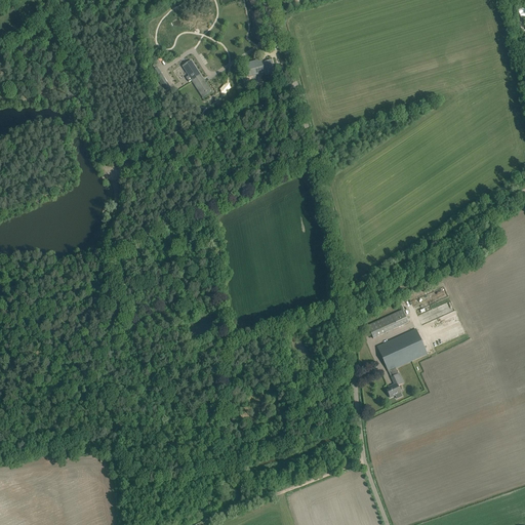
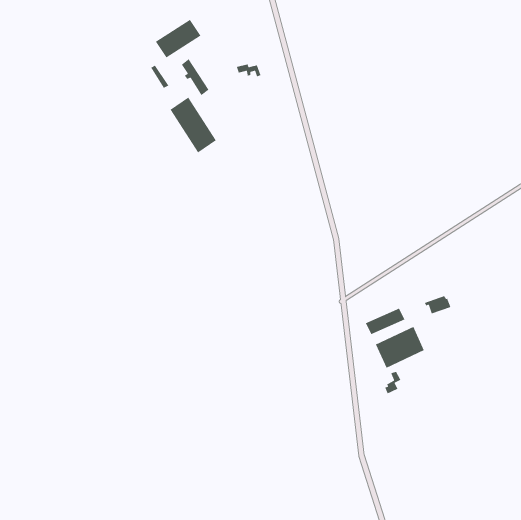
building: none -> [155,19,201,59]
building: none -> [169,97,217,153]

